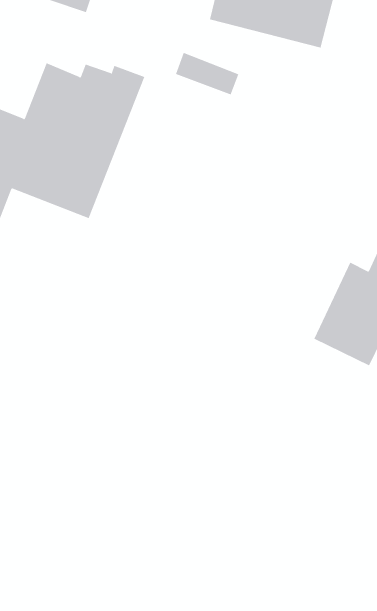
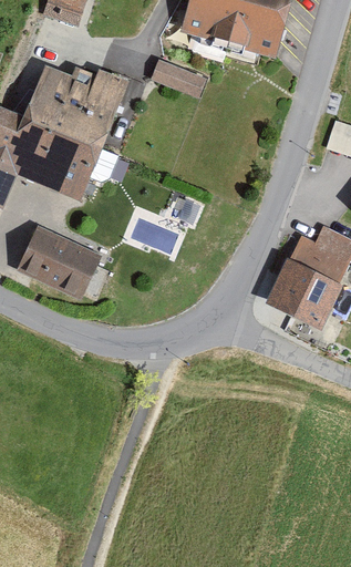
building: none -> [18,227,100,297]

